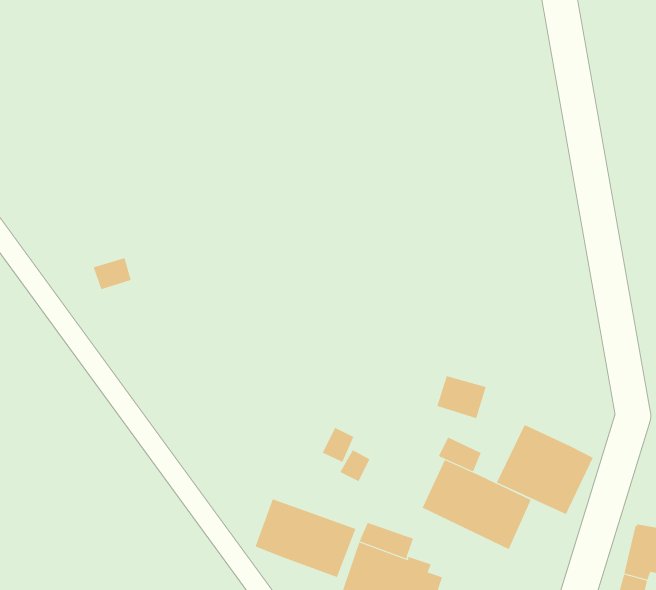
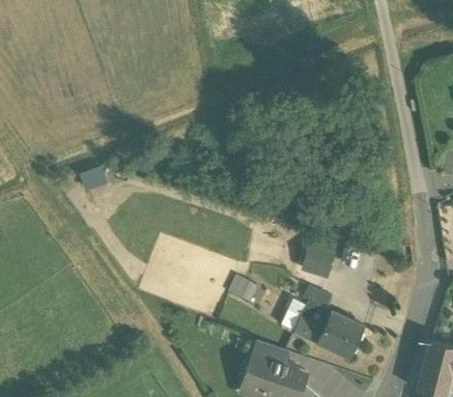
building: [496,424,593,515] -> none
building: [255,498,356,578] -> none

